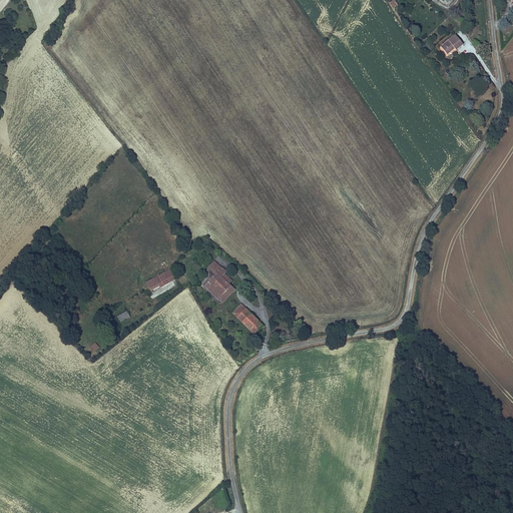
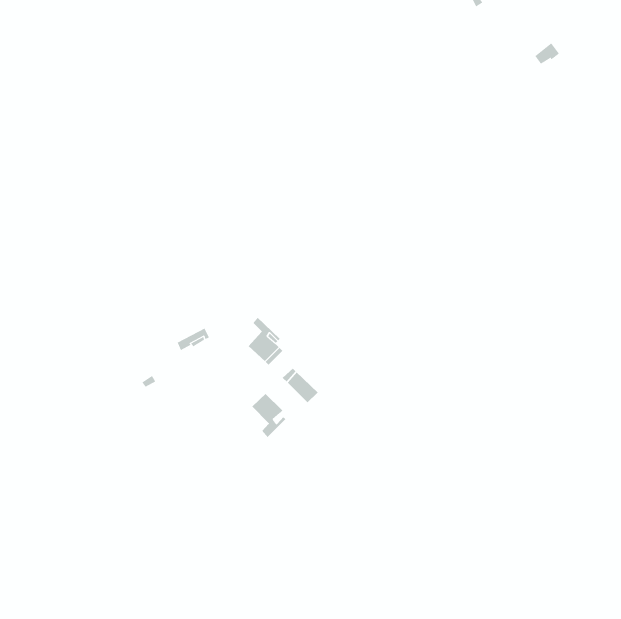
building: none -> [252,393,286,438]

